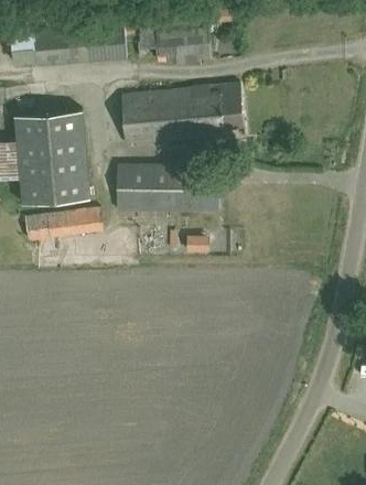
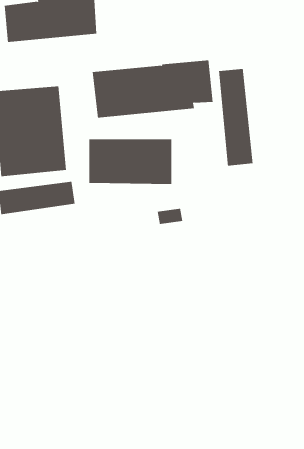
building: [137,28,208,58] -> none
building: none -> [219,68,253,166]

